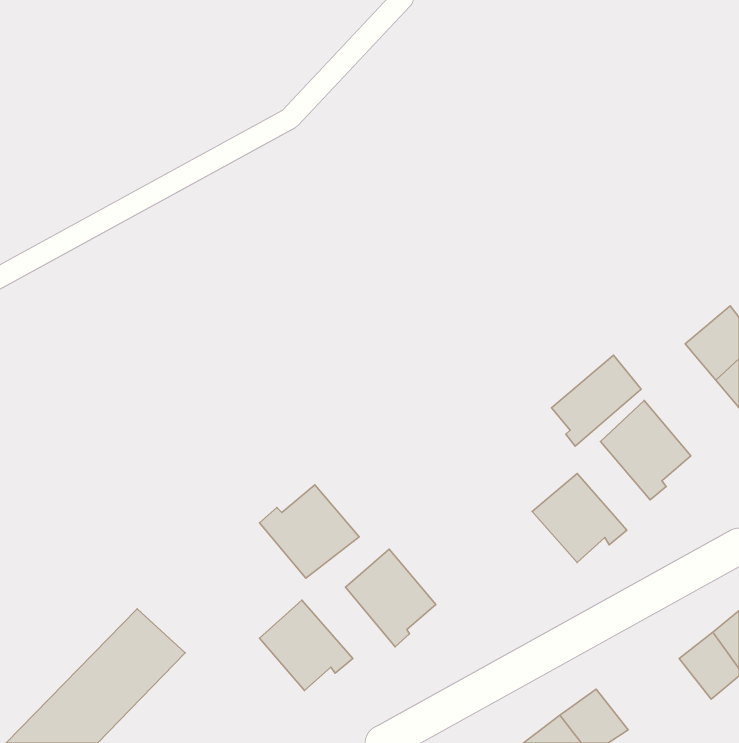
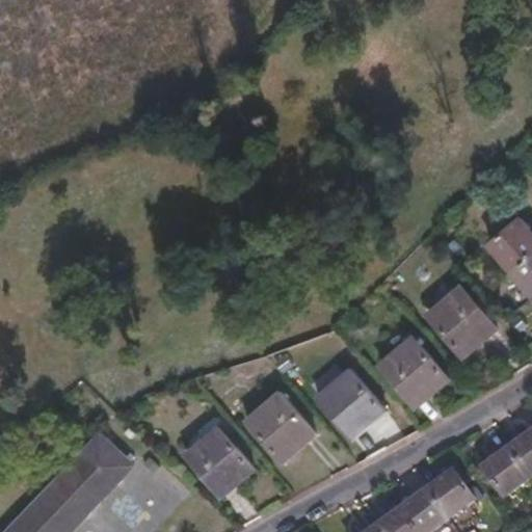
building: [552,355,641,446] -> none
building: [259,485,359,578] -> none
building: none -> [317,370,383,434]
building: none -> [425,471,475,521]

